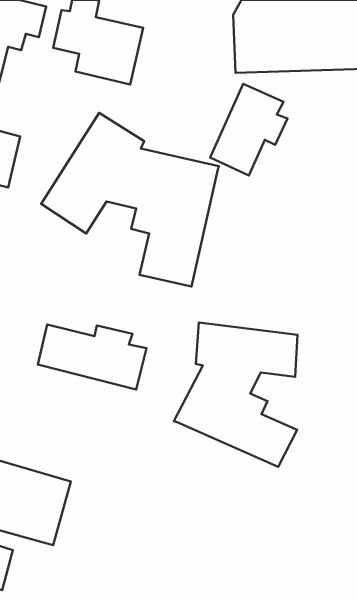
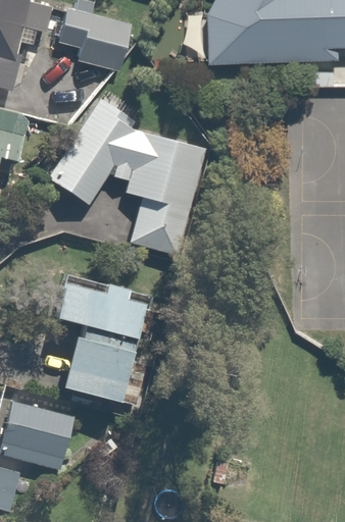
building: [210,84,288,175] -> none
building: [174,323,298,467] -> none
building: none -> [51,324,128,402]

